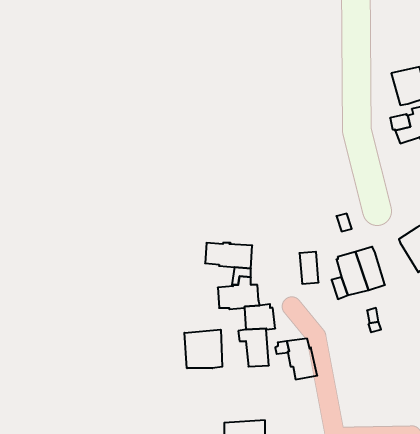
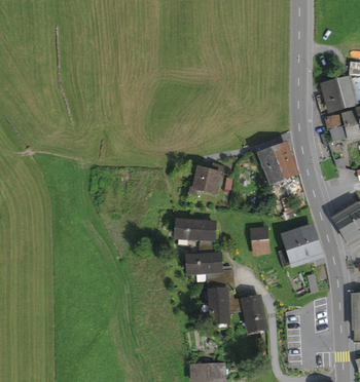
building: none -> [259,142,296,183]
building: none -> [189,164,224,194]
building: [184,330,222,368] -> none

